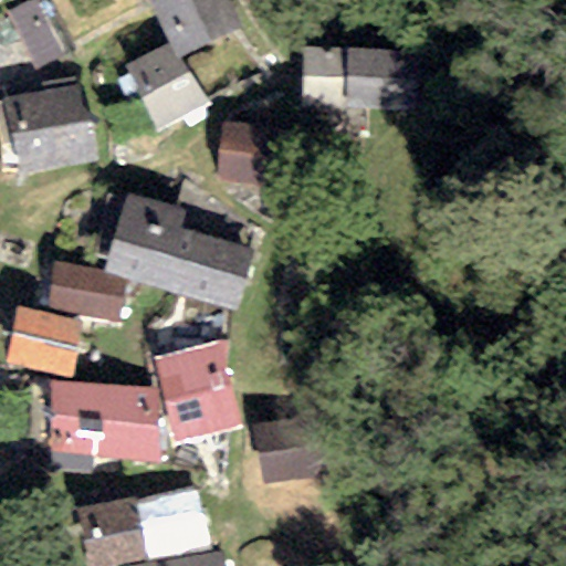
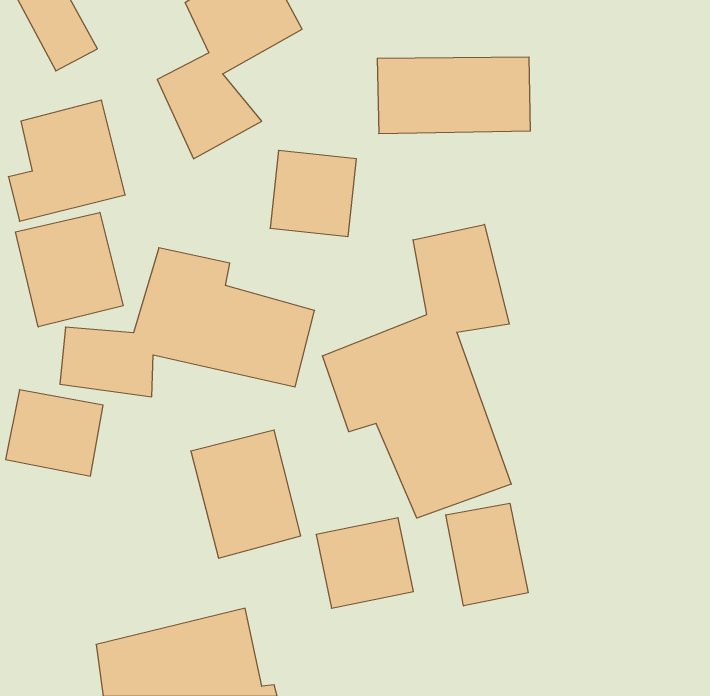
building: none -> [16,212,123,327]
building: none -> [322,224,511,518]
building: [49,384,158,455] -> none
building: none -> [446,503,528,606]

